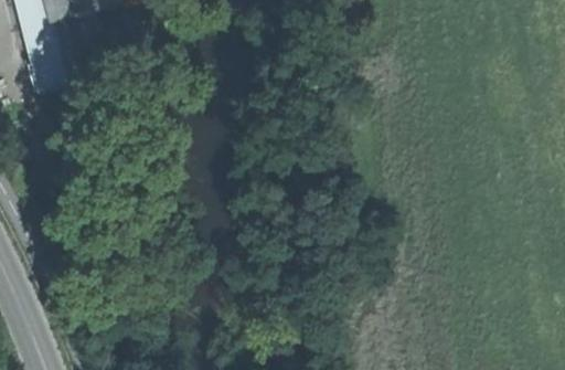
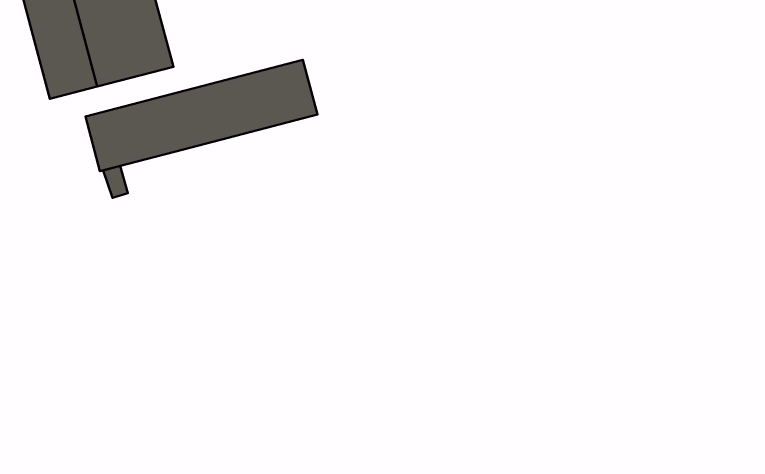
building: none -> [85,60,317,171]

